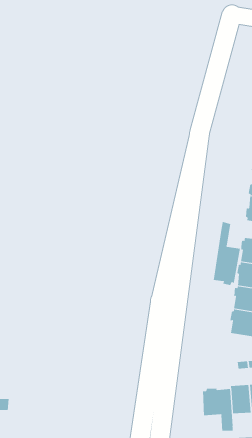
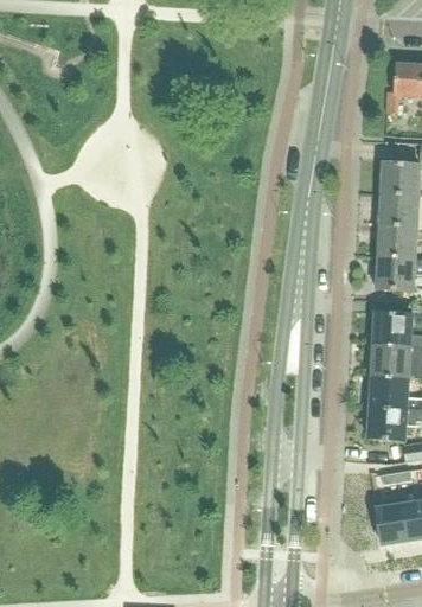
building: [213,221,240,286] -> none
building: [203,388,233,431] -> none

